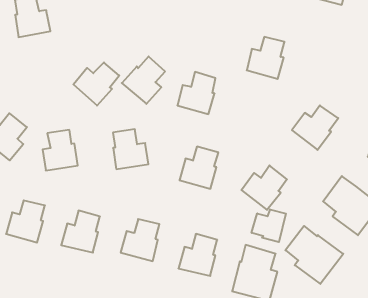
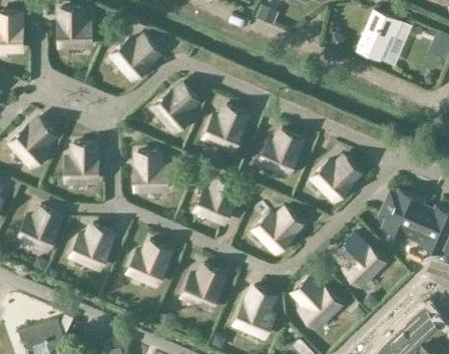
building: [247,37,285,79] -> [261,131,302,174]
building: [73,62,119,106] -> [113,37,159,78]
building: [252,209,286,242] -> none

